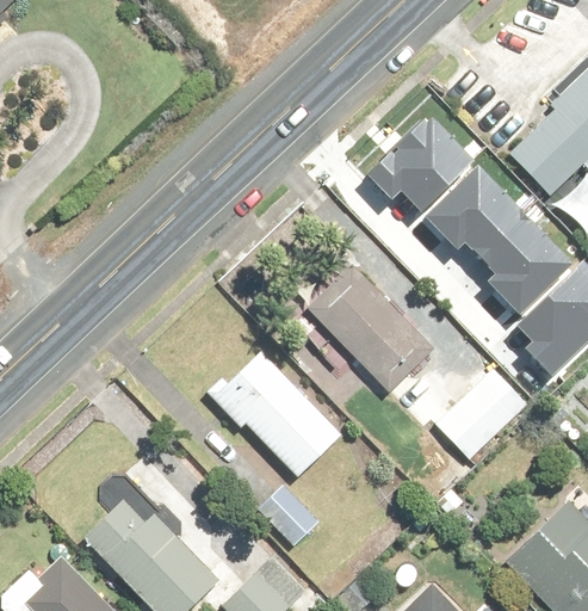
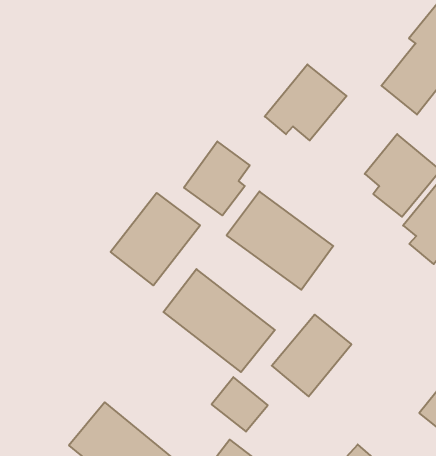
building: [425,169,521,259] -> none
building: none -> [184,141,250,215]
building: none -> [111,193,200,285]
building: [433,369,531,465] -> [272,315,351,396]

